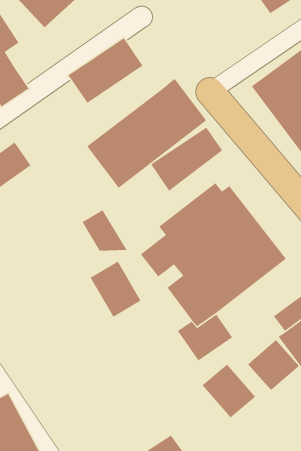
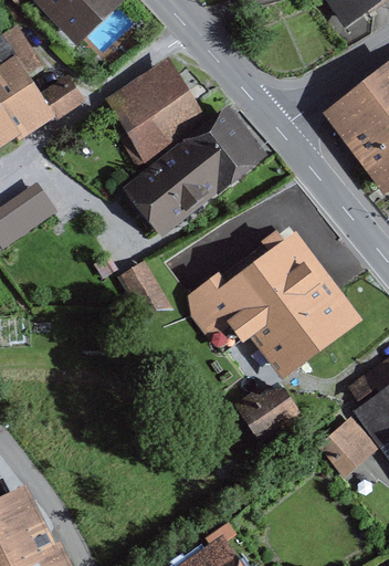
building: none -> [38,71,85,118]
building: [150,126,223,192] -> [124,88,211,167]
building: [90,261,142,318] -> none
building: [201,364,256,419] -> none

